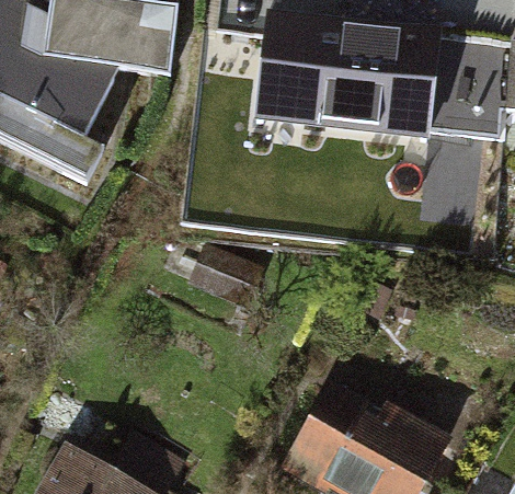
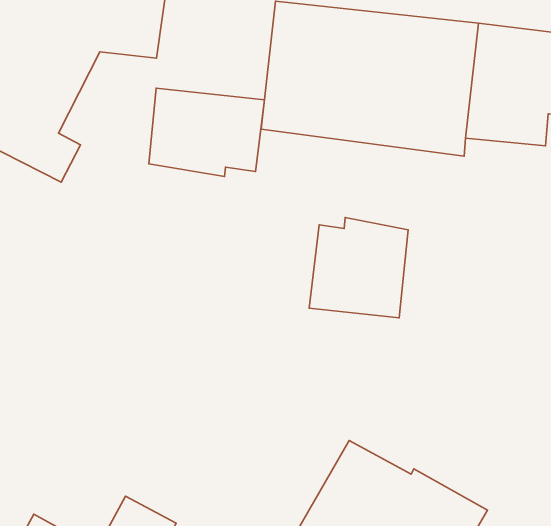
building: none -> [149,88,265,177]
building: none -> [309,218,408,318]

